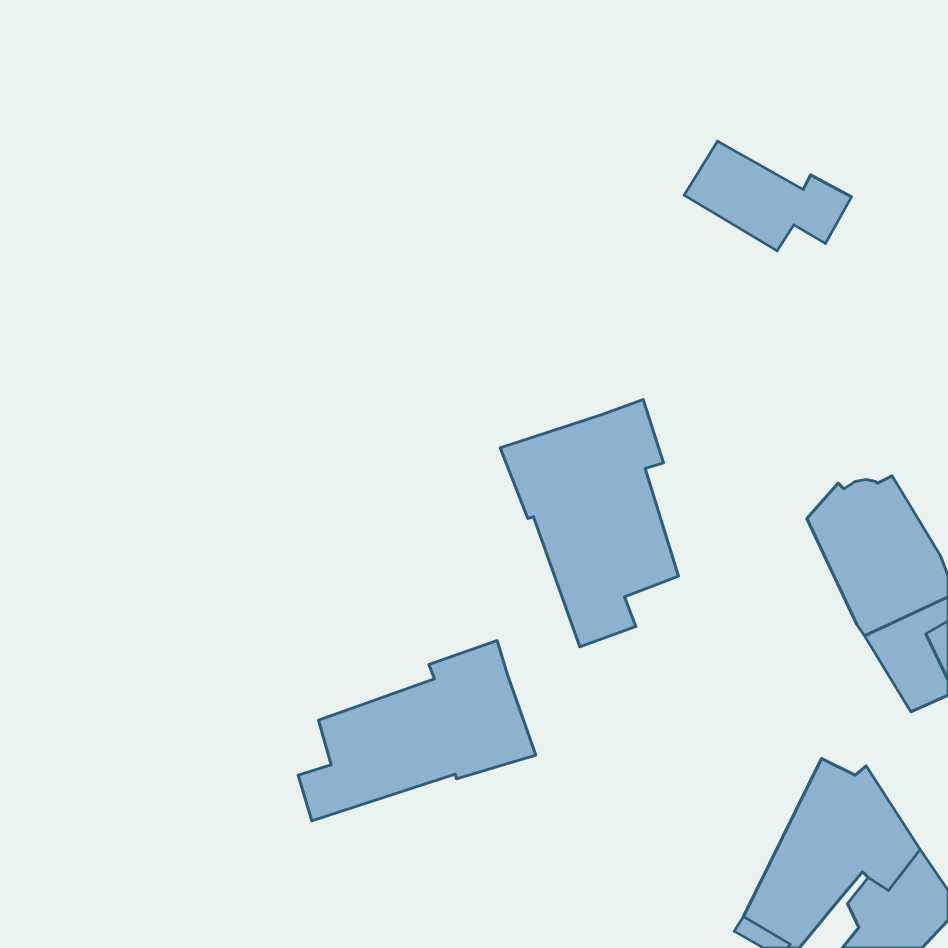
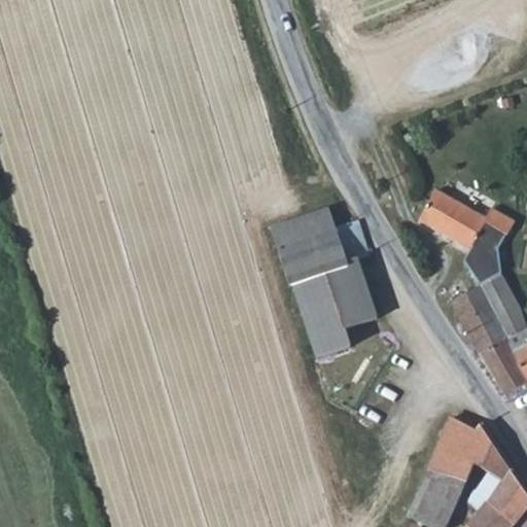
building: [684,141,851,251] -> [420,190,513,251]
building: none -> [271,210,333,248]
building: [298,641,536,821] -> none

